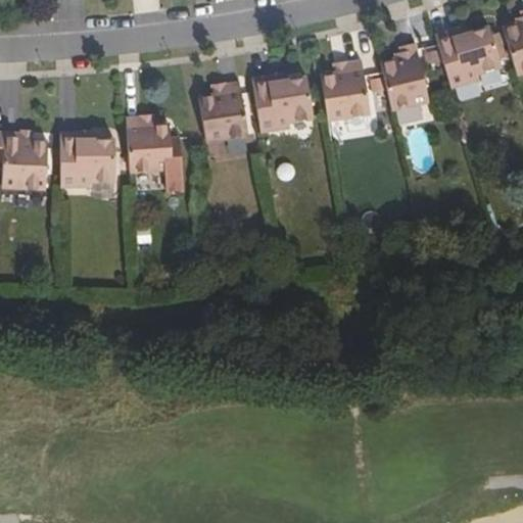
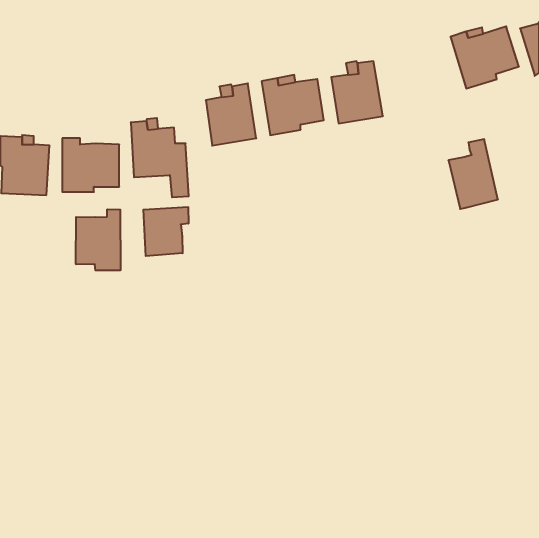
building: [381,42,429,109] -> [448,139,498,209]
building: none -> [143,207,188,256]
building: none -> [76,209,120,270]

